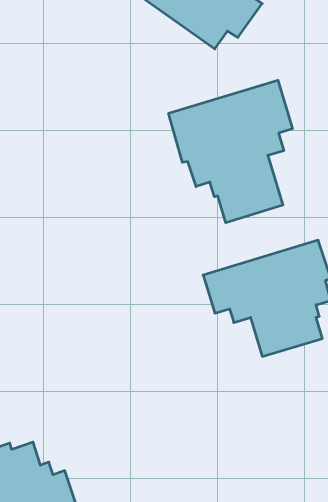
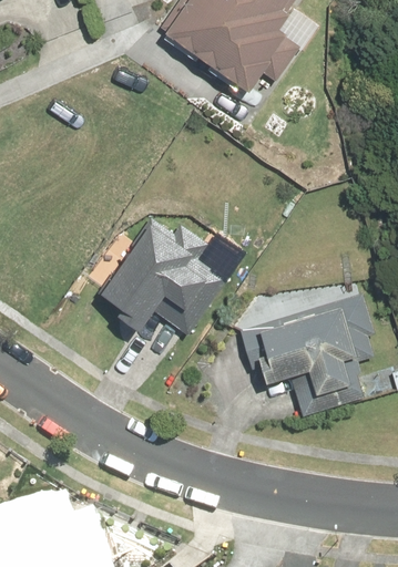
building: [169,80,292,223] -> none
building: none -> [96,215,223,333]

